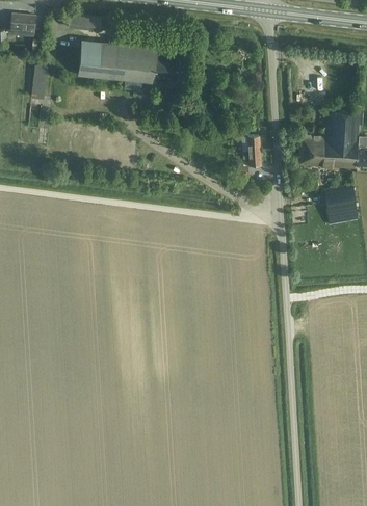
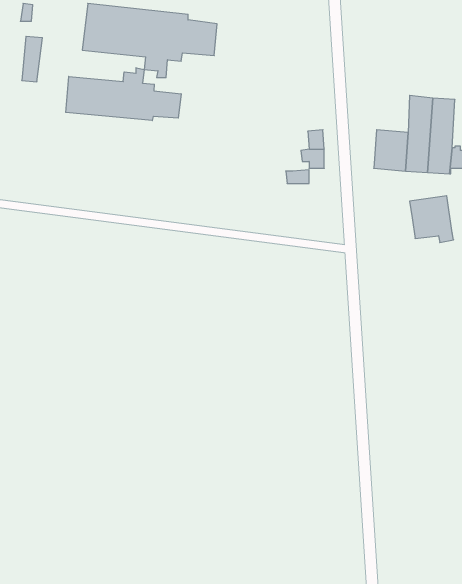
building: none -> [66,68,181,121]

